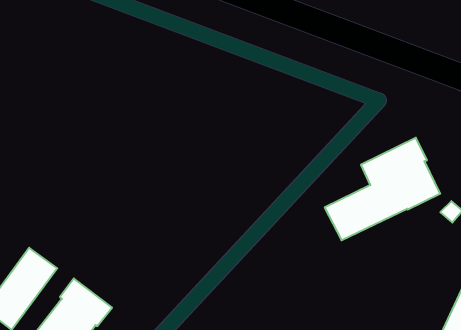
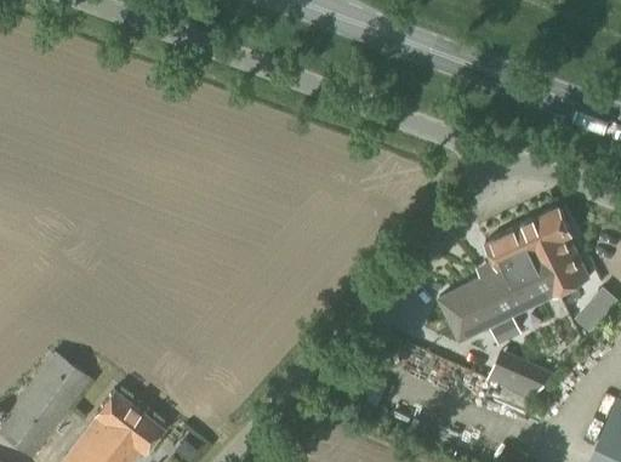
building: none -> [486,352,554,401]

